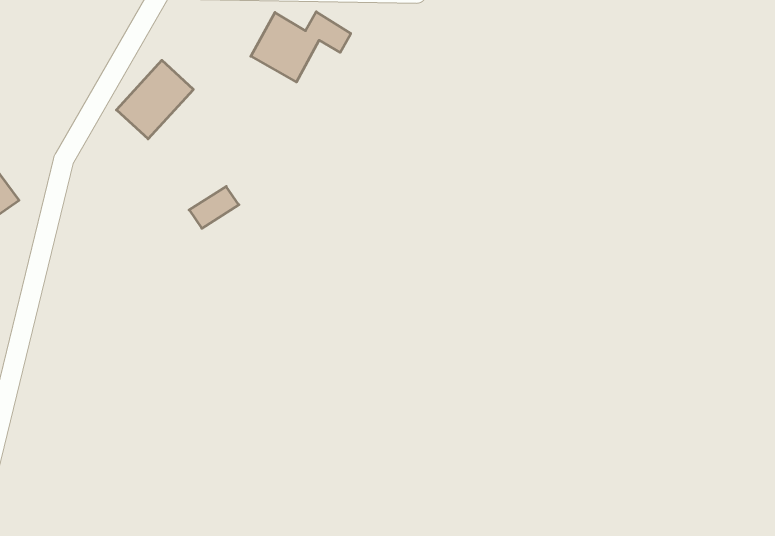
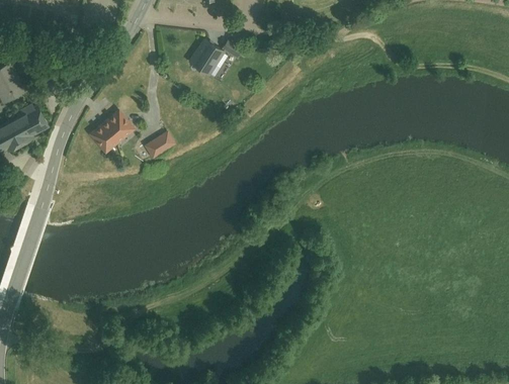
building: [116,60,193,139] -> [90,110,135,154]

